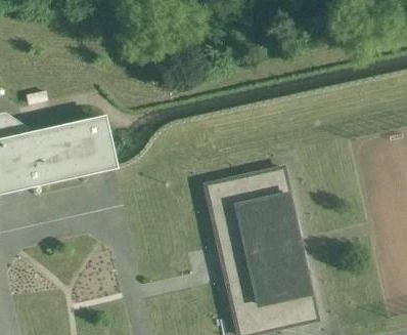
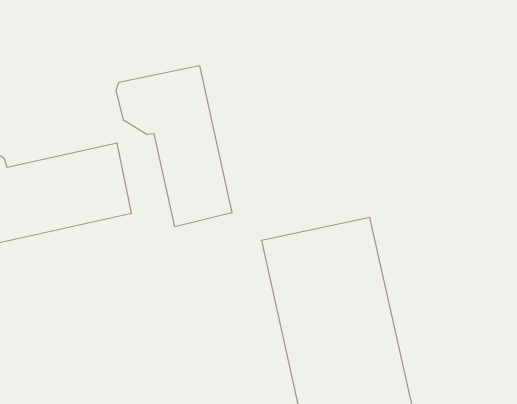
building: none -> [116,66,232,227]

